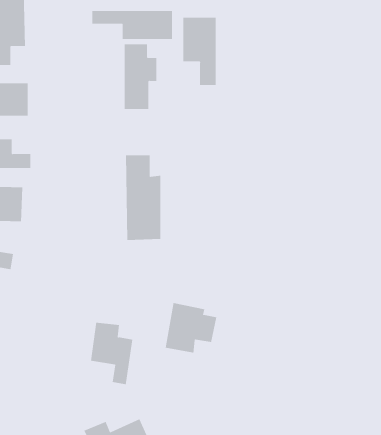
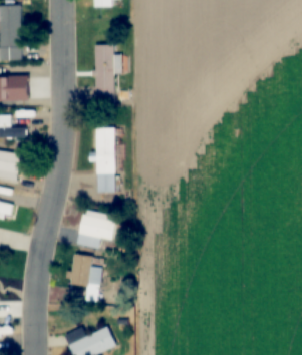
building: [92,10,173,40] -> none
building: [183,17,216,86] -> none
building: [165,302,217,353] -> [77,210,116,248]

